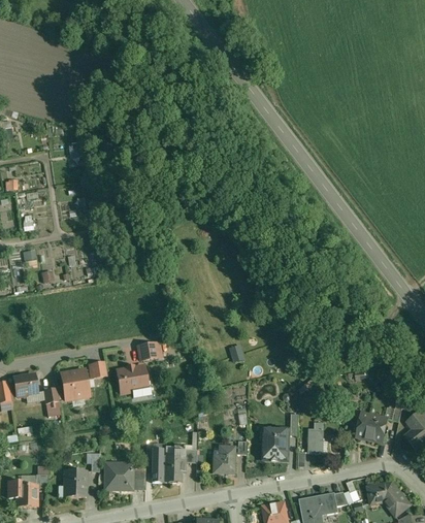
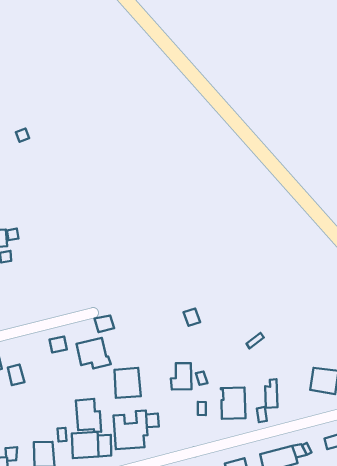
building: [60,369,88,399] -> none
building: none -> [114,368,141,398]
building: none -> [76,399,101,432]
building: [213,445,234,472] -> [171,363,192,389]

